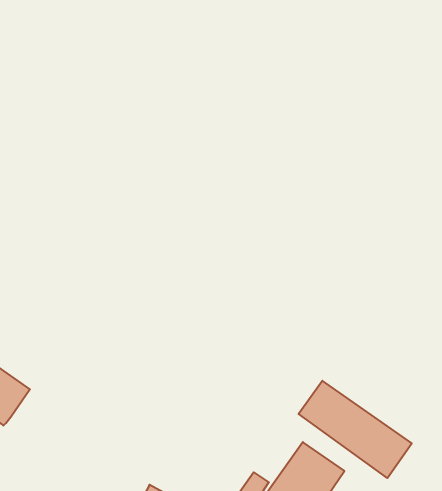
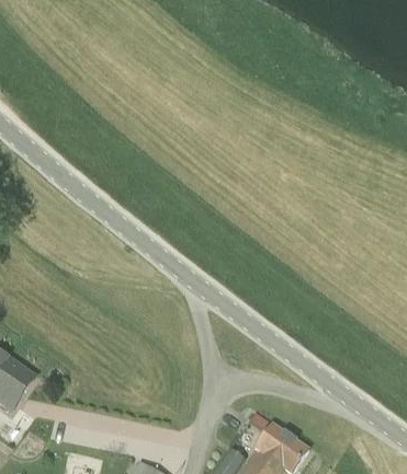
building: [299,381,412,478] -> none

